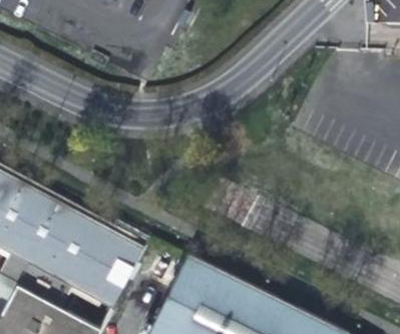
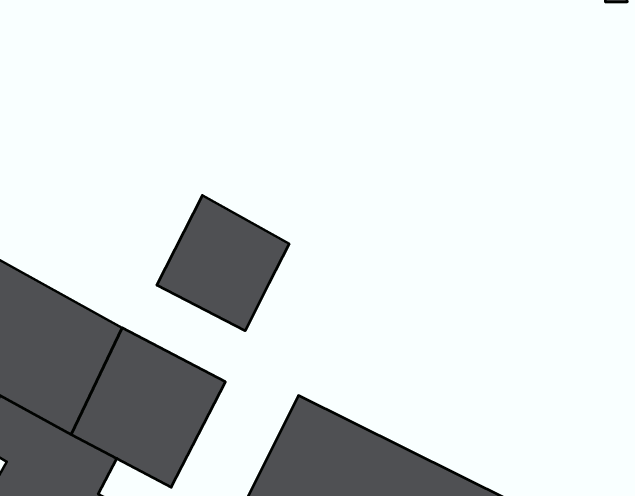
building: none -> [157,195,289,331]

